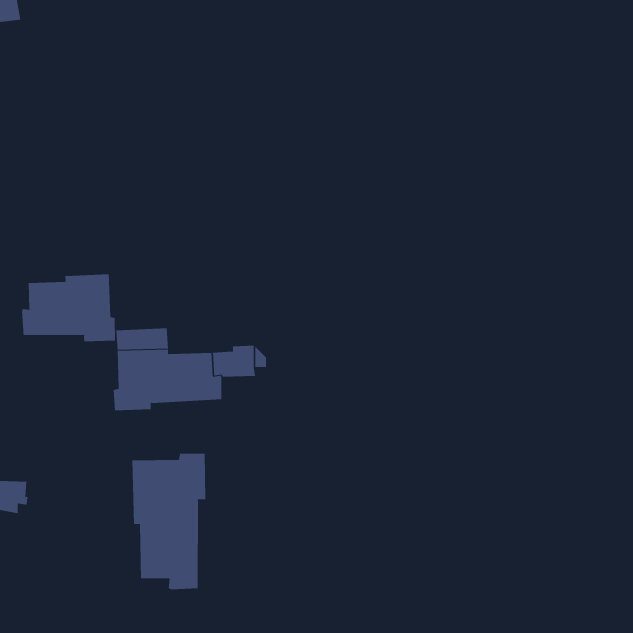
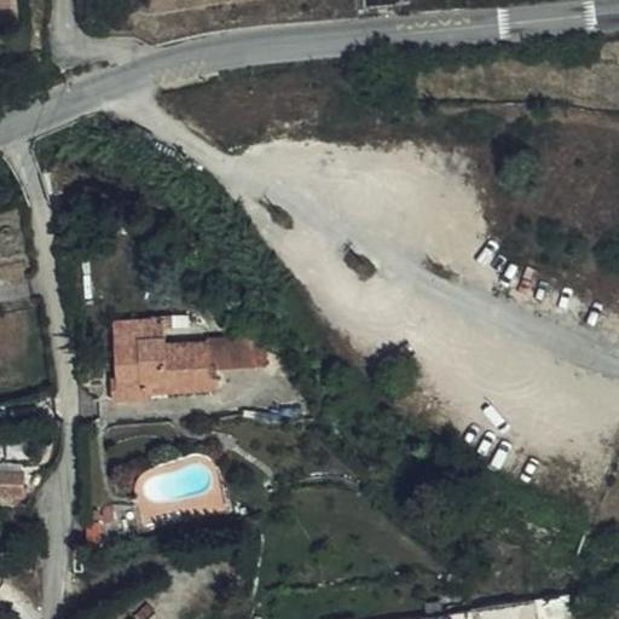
building: [22,273,116,342] -> none
building: [132,453,206,590] -> none

